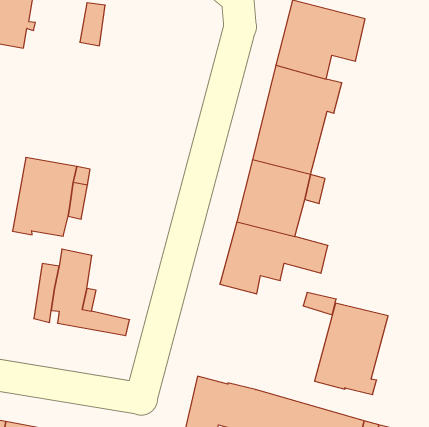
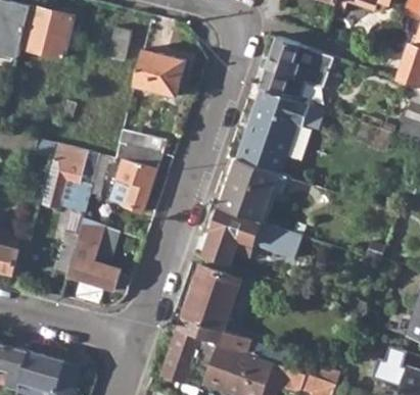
building: none -> [131,47,184,95]
building: none -> [109,143,160,210]
building: [315,303,388,395] -> [178,266,240,341]

